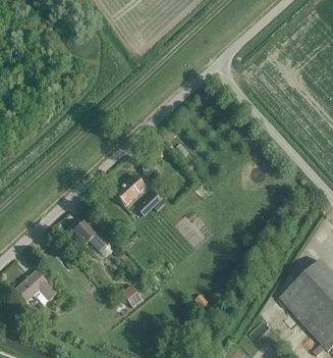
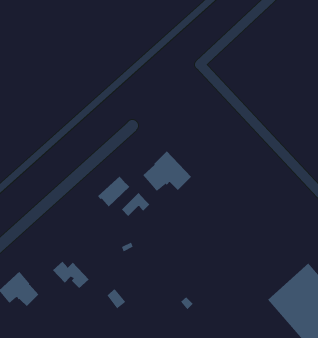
building: none -> [143,150,192,192]
building: [72,221,109,249] -> [52,261,90,289]

